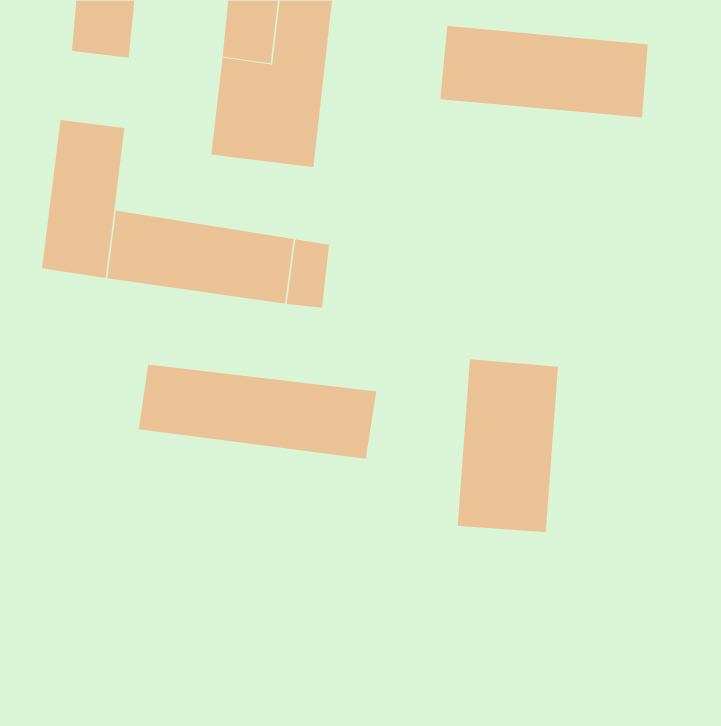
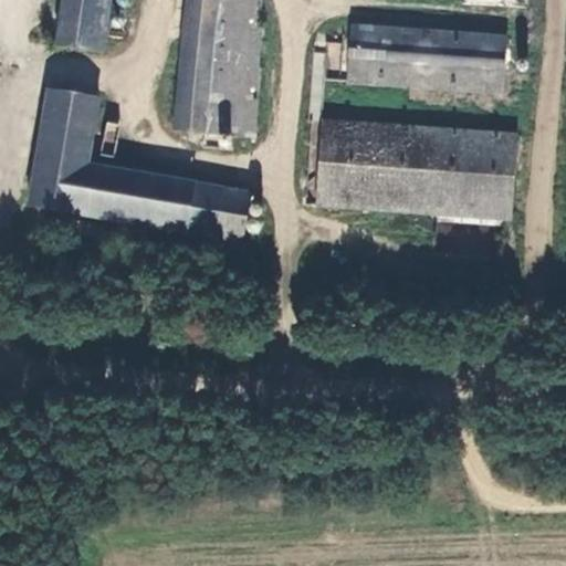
building: none -> [323,118,526,222]
building: [457,359,559,533] -> none
building: [138,364,377,460] -> none

